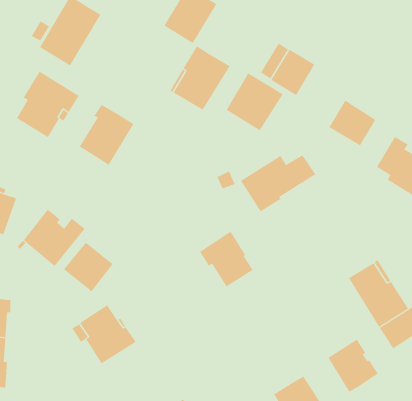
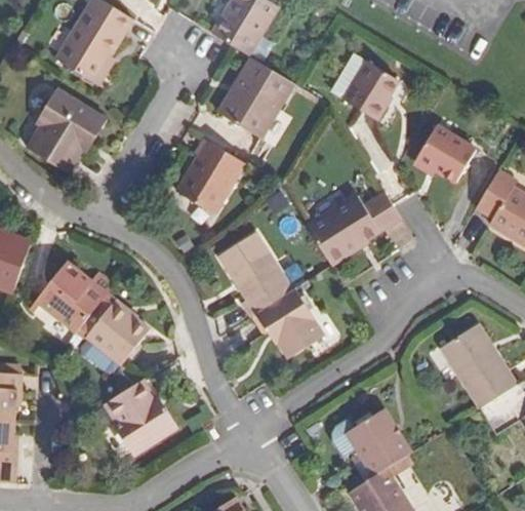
building: [226,72,283,131] -> none
building: [79,104,134,165] -> [176,139,245,214]
building: none -> [219,232,293,316]
building: [327,339,379,393] -> [347,408,410,475]

